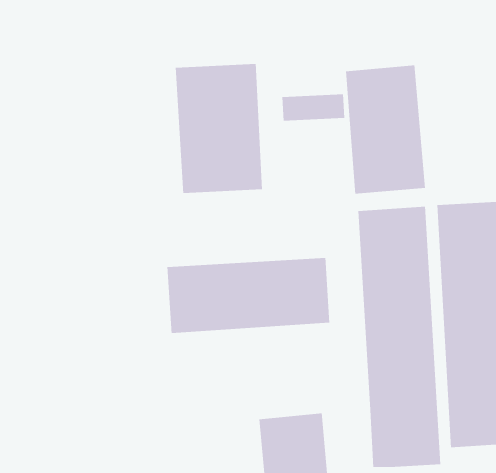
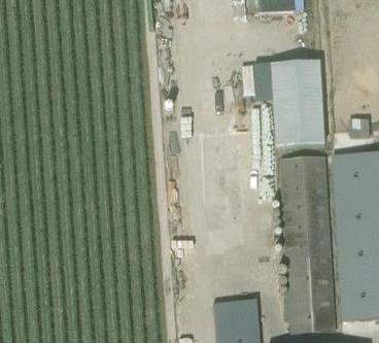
building: [175,63,263,194] -> none
building: [167,257,330,334] -> none

